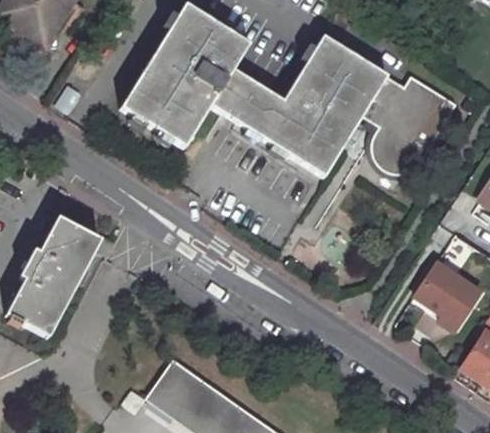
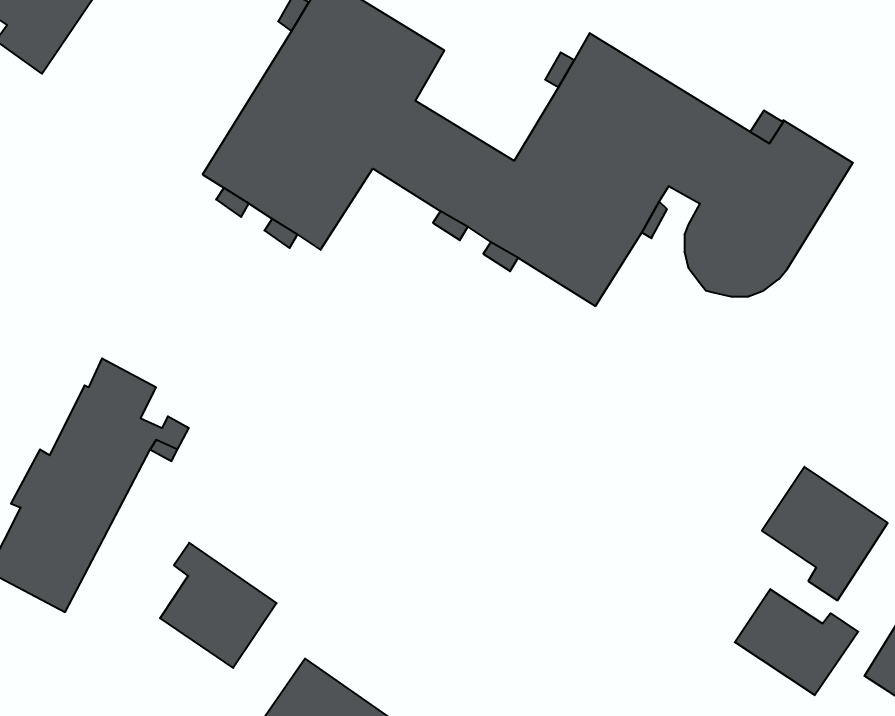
building: none -> [160,543,277,668]
building: none -> [735,589,858,695]

